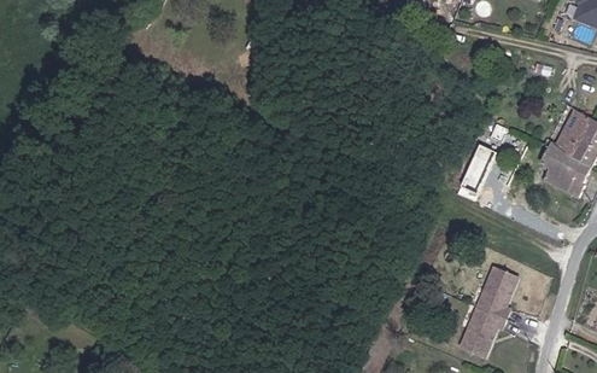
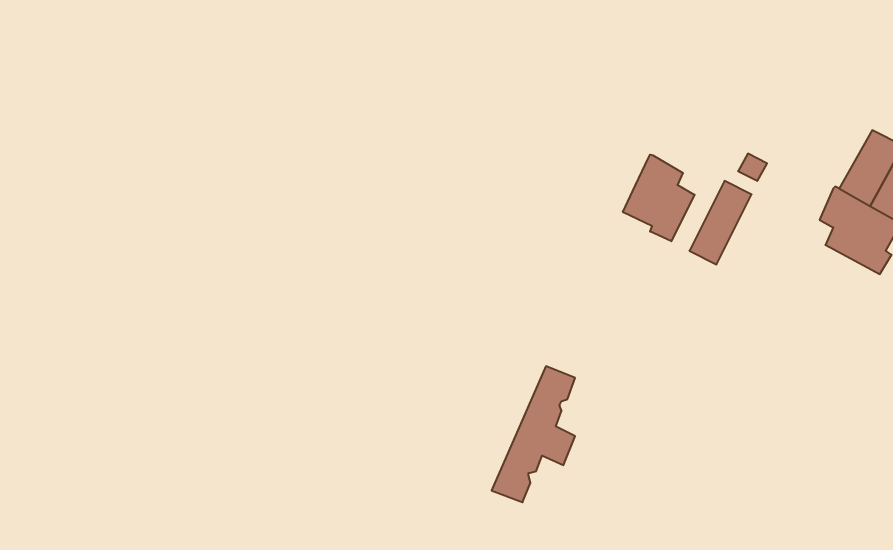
building: none -> [623,155,695,241]
building: [464,269,516,354] -> [492,366,575,502]

